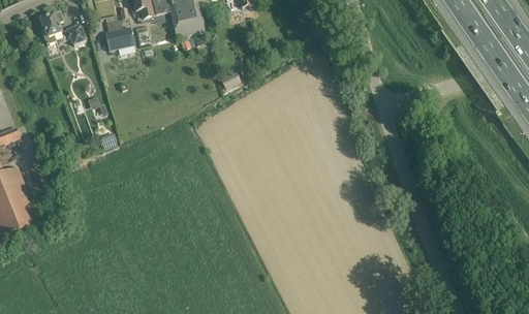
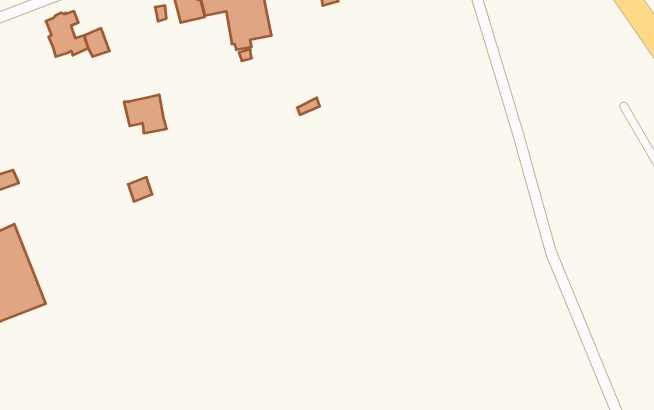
building: [104,26,135,54] -> [124,95,167,133]

